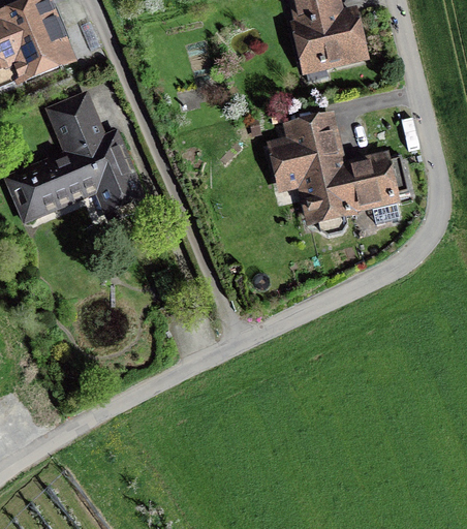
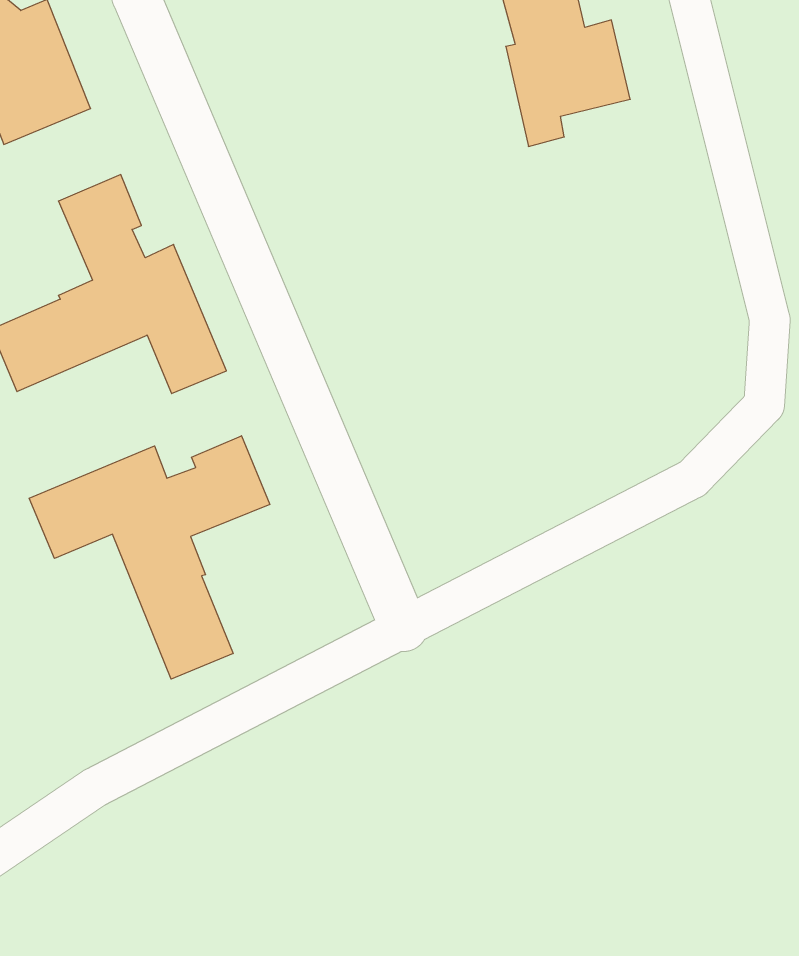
building: [270,118,407,222] -> none
building: none -> [29,436,270,679]

